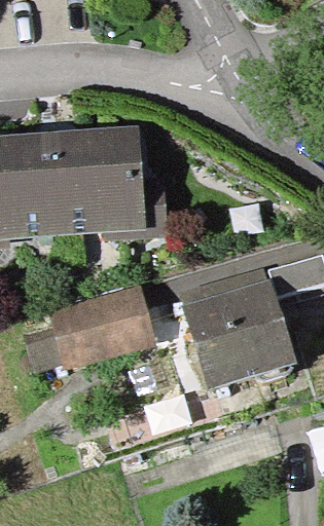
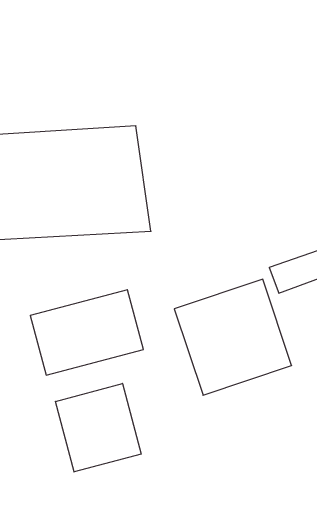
building: none -> [55,383,141,472]

